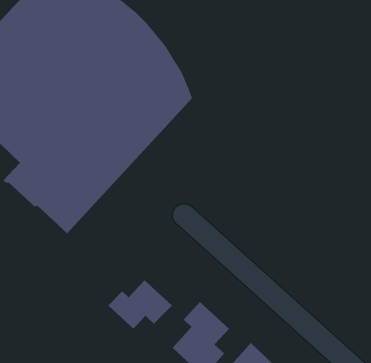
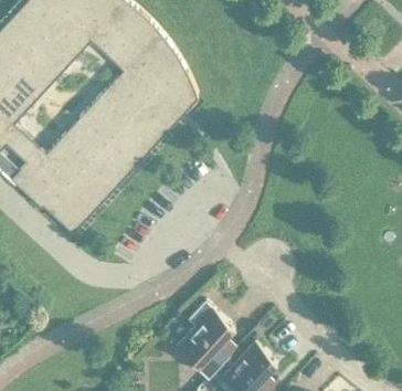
building: [107,280,173,329] -> none

